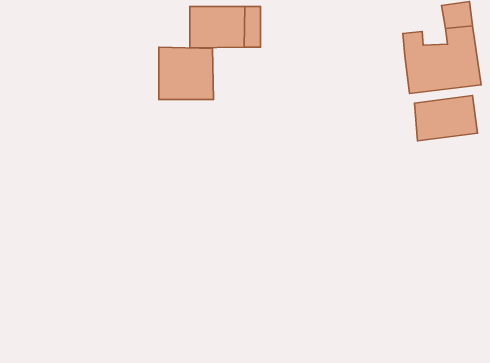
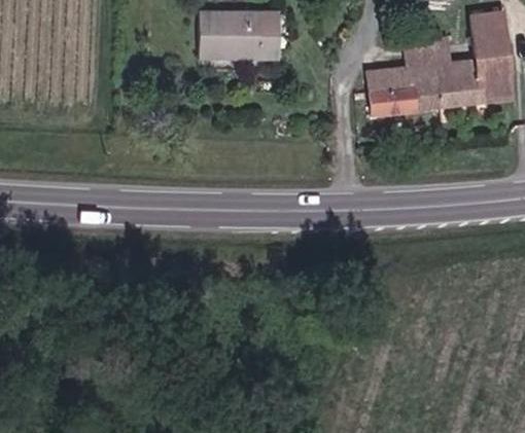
building: [159,47,214,100] -> none
building: [414,95,477,141] -> [369,67,435,115]

